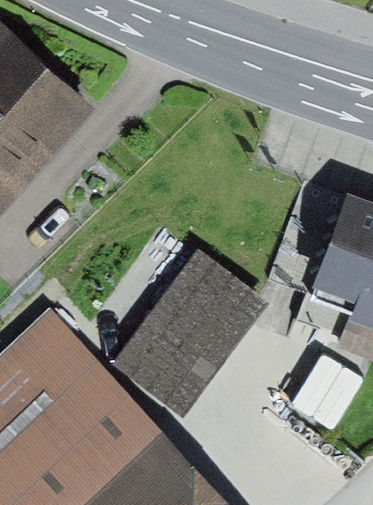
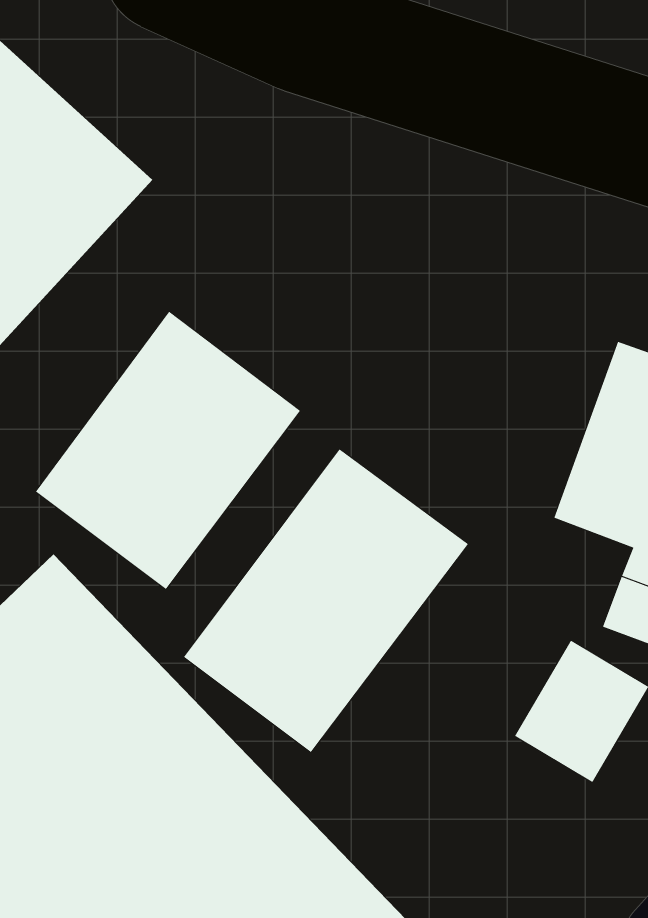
building: none -> [35,311,301,590]

